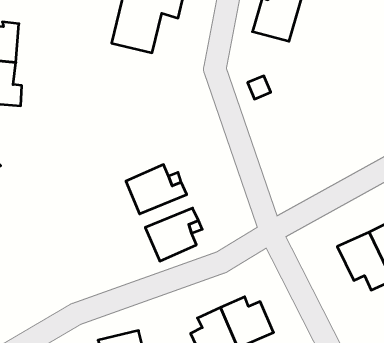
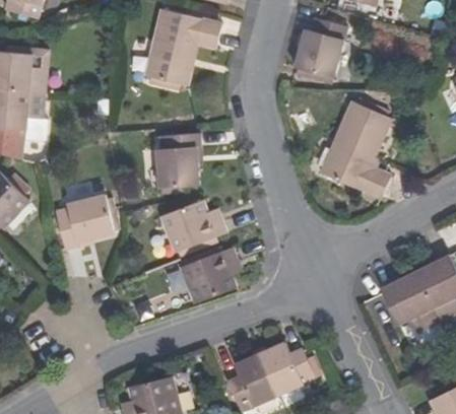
building: none -> [318,104,389,200]
building: none -> [153,133,197,188]
building: none -> [58,194,114,251]

